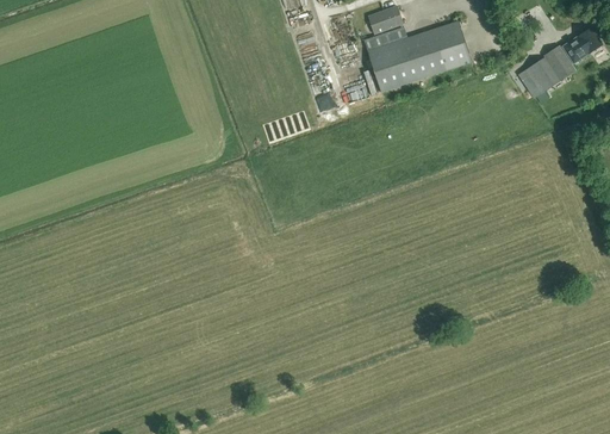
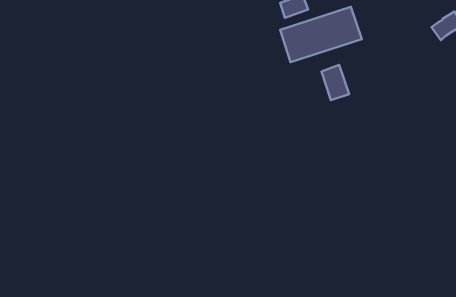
building: [517,44,575,98] -> none
building: none -> [322,65,349,100]

